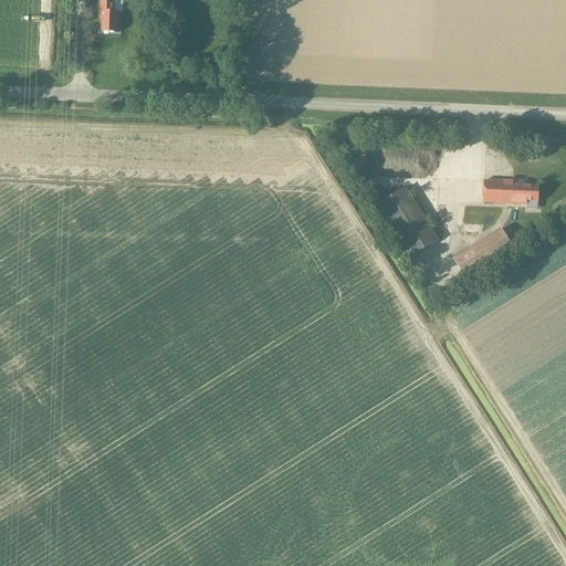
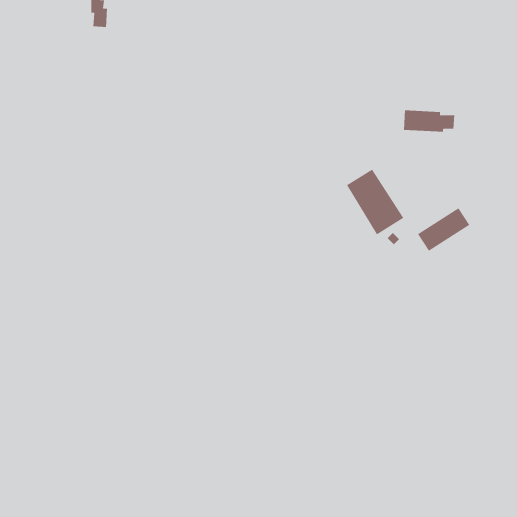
building: [485,177,542,201] -> [403,110,455,132]

